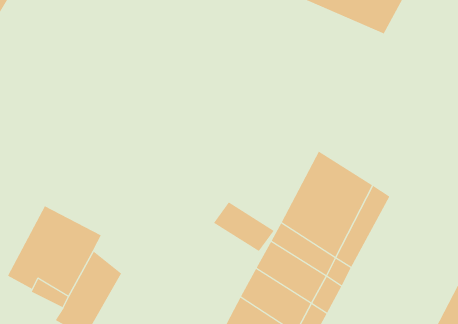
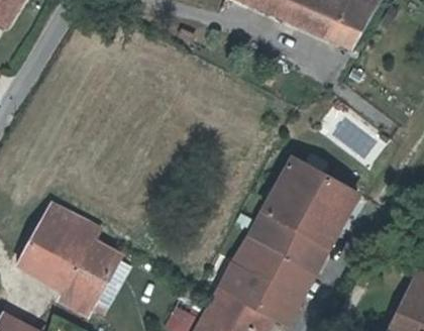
building: [213,202,274,252] -> none

